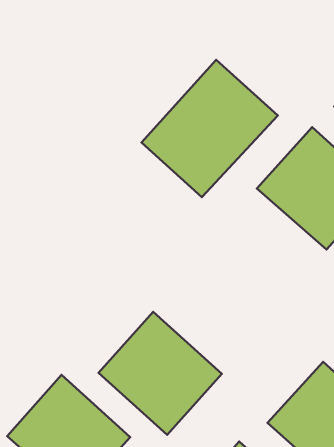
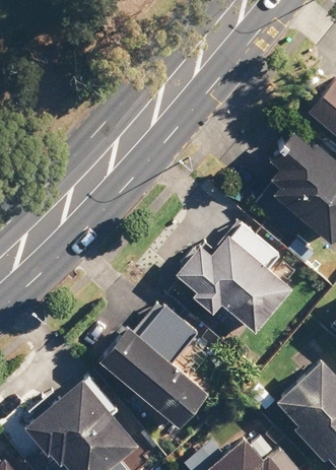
building: [141,60,278,197] -> none
building: none -> [184,212,299,326]

